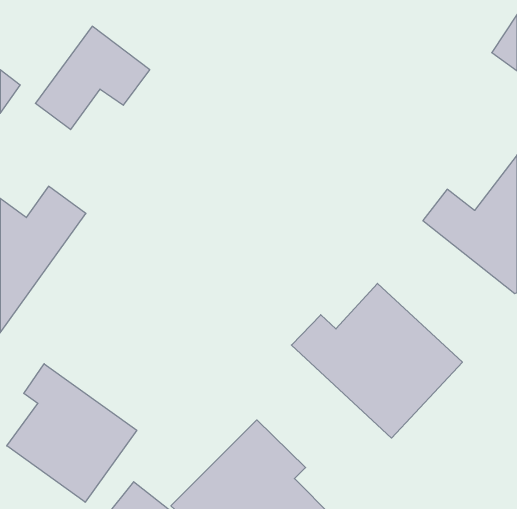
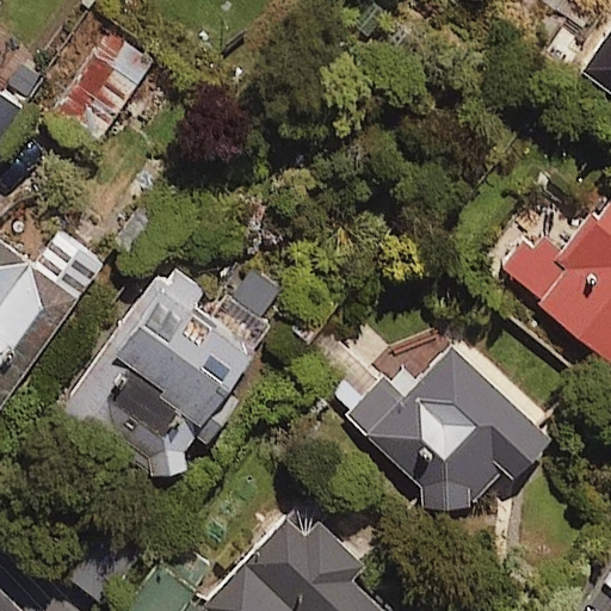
building: none -> [64,269,248,476]
building: [7,364,137,502] -> none

